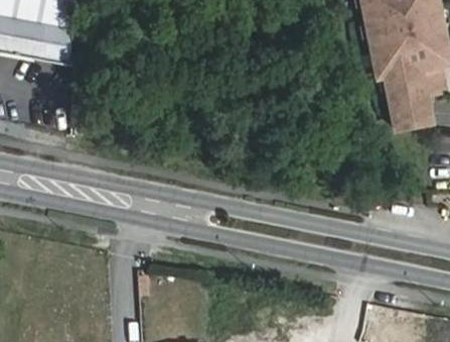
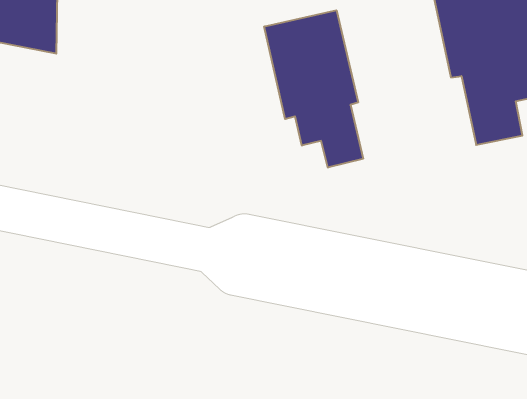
building: none -> [264,10,363,168]

